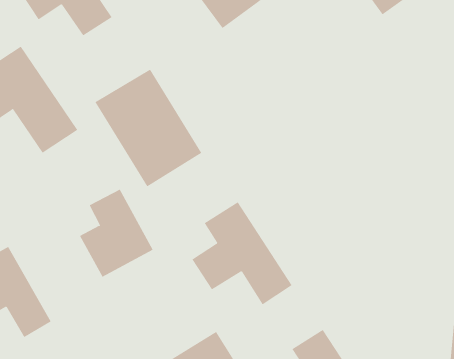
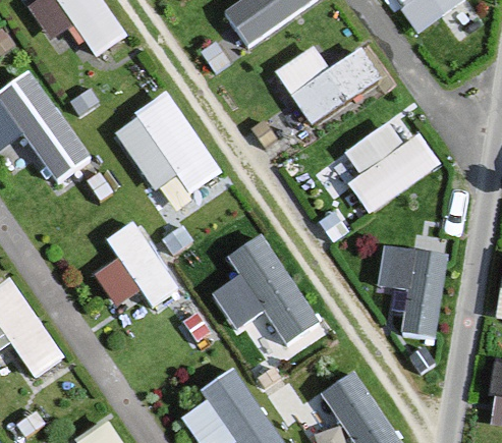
building: none -> [261,44,381,134]
building: none -> [320,115,431,215]
building: none -> [377,245,442,335]

